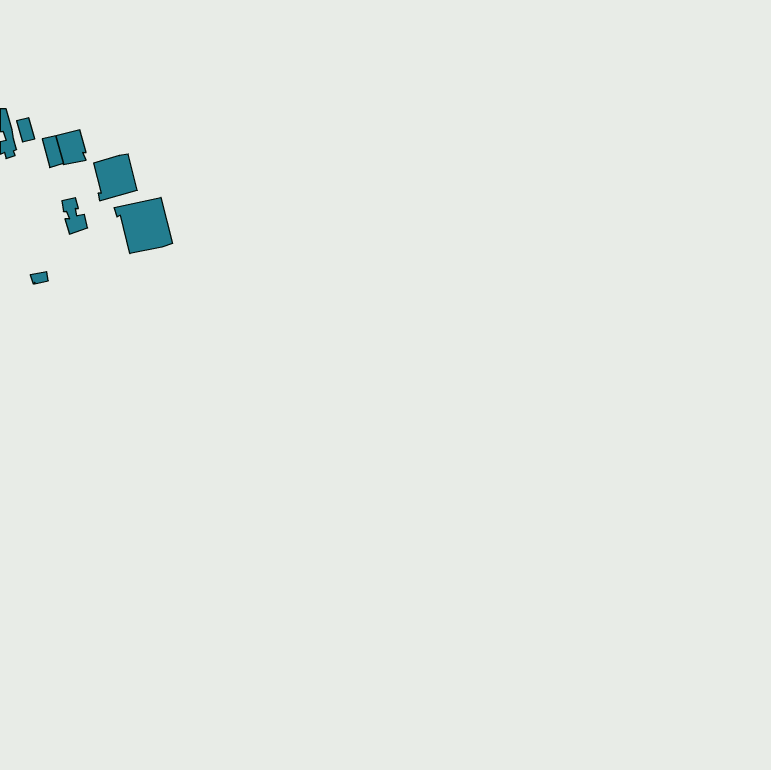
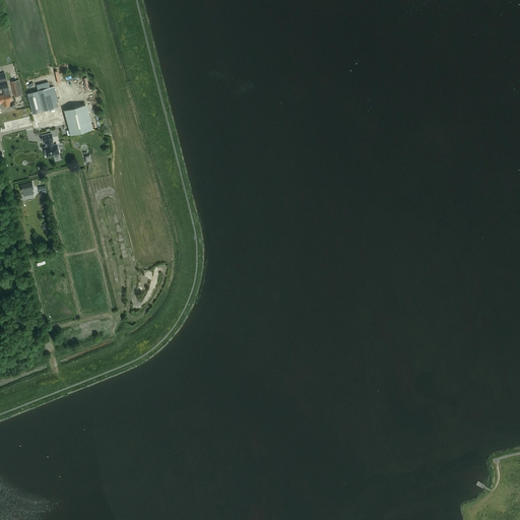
building: [114,197,173,254] -> none

